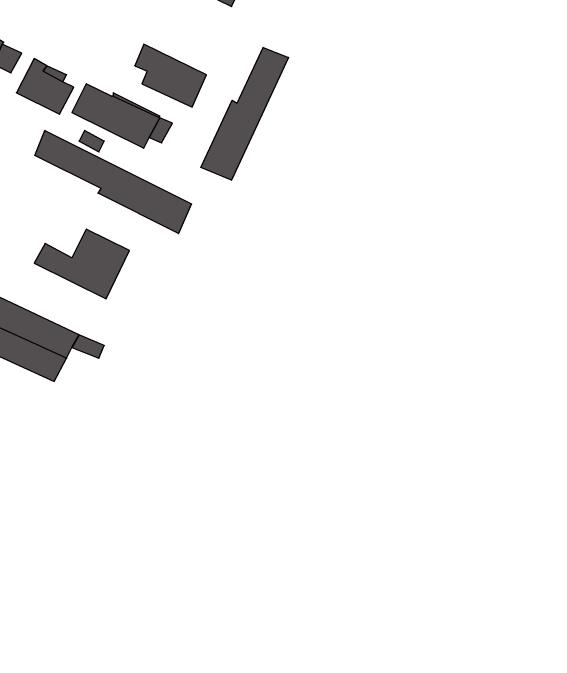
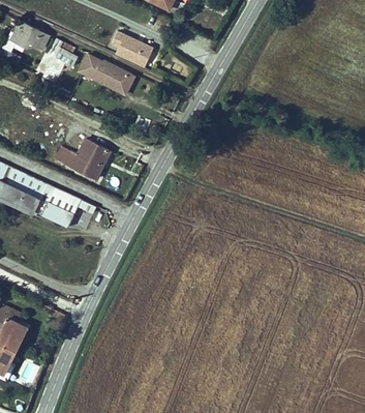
building: [201,47,288,180] -> none
building: [35,130,192,234] -> none

